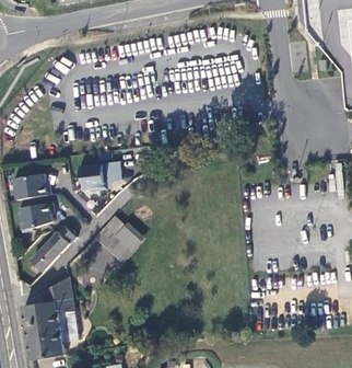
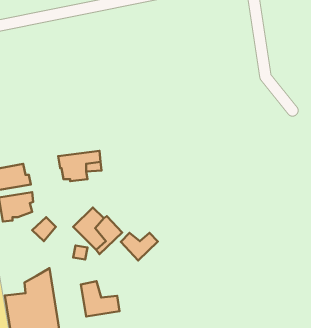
building: [31,241,61,272] -> none
building: none -> [121,233,158,260]
building: none -> [81,281,120,317]

